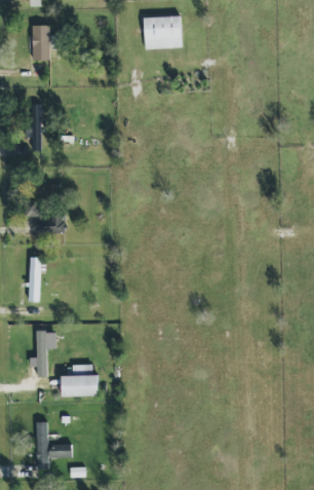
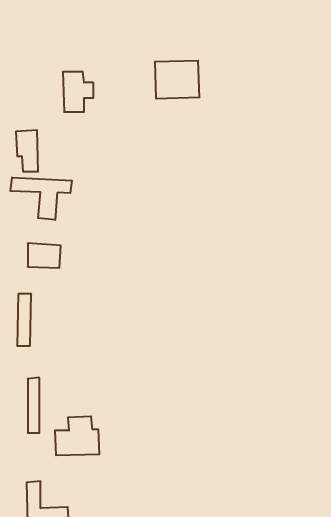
building: [143,15,182,48] -> [155,61,200,99]
building: [32,25,58,60] -> [63,72,93,112]
building: none -> [10,177,72,220]

